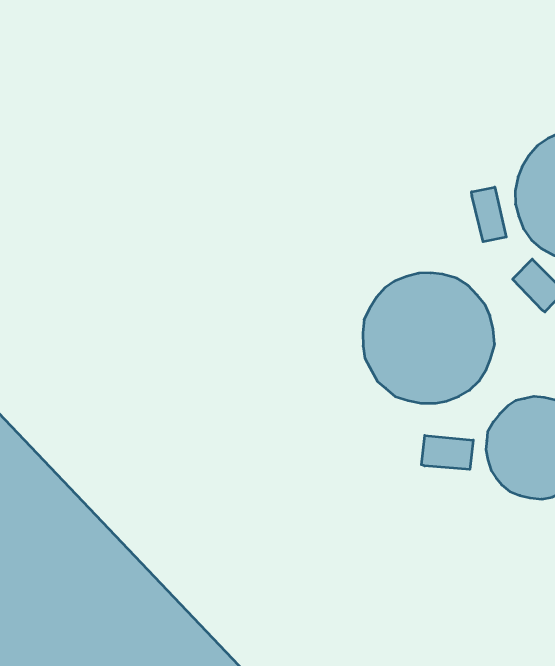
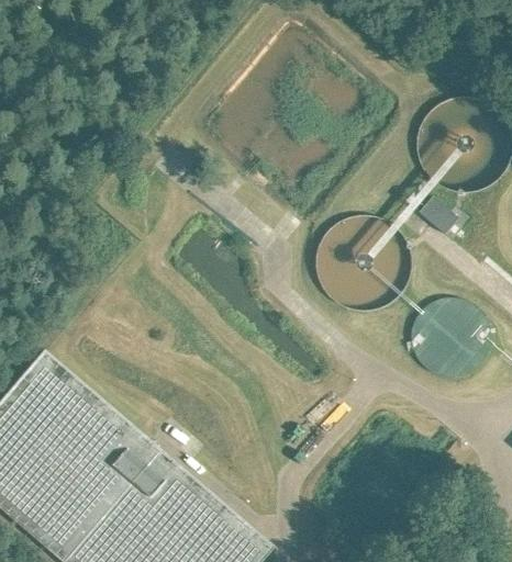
building: [472,187,506,242] -> none
building: [421,435,473,469] -> none

